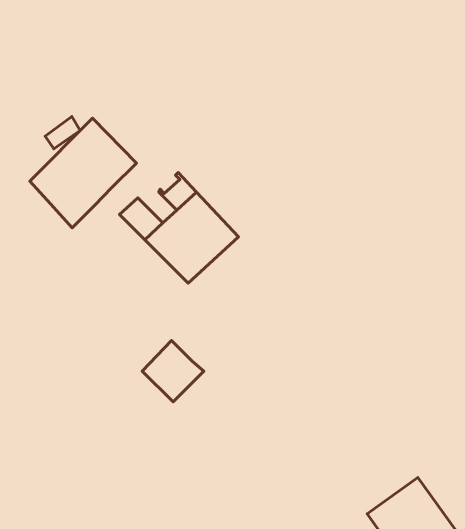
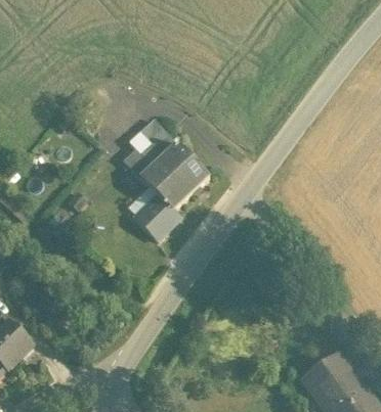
building: [30,118,137,228] -> none
building: [142,340,204,402] -> [135,194,180,239]

